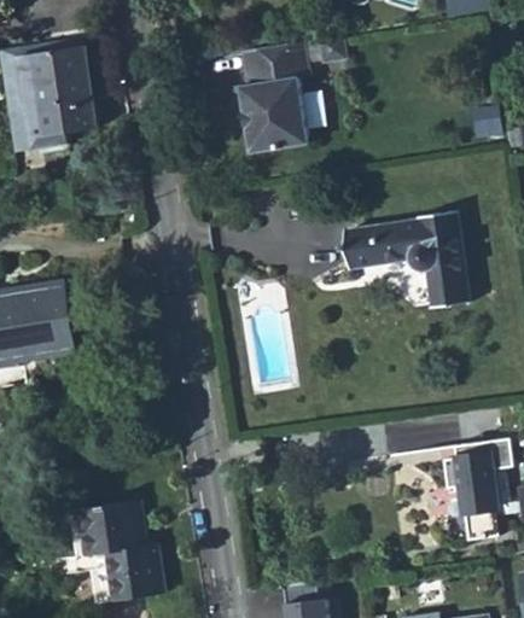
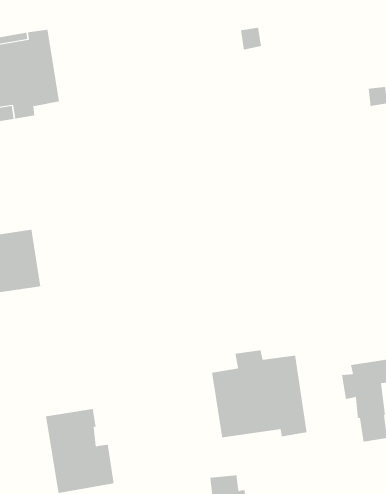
building: [238,42,308,153] -> none
building: [342,214,466,309] -> none
building: none -> [212,350,307,438]

